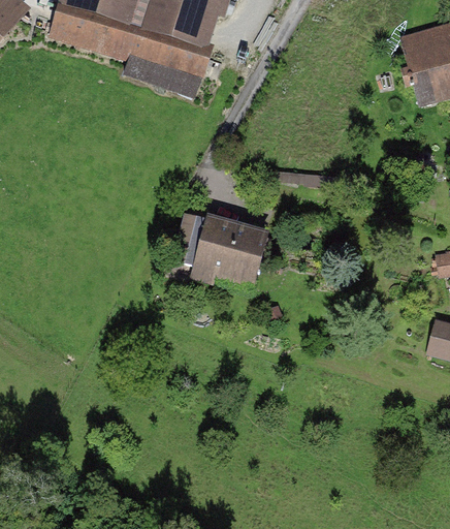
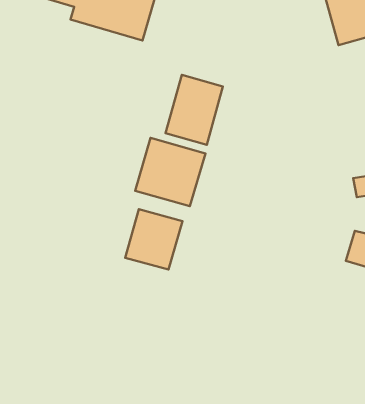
building: none -> [166,75,223,145]
building: none -> [125,209,182,270]

